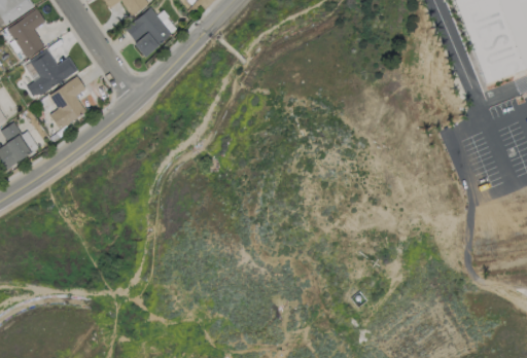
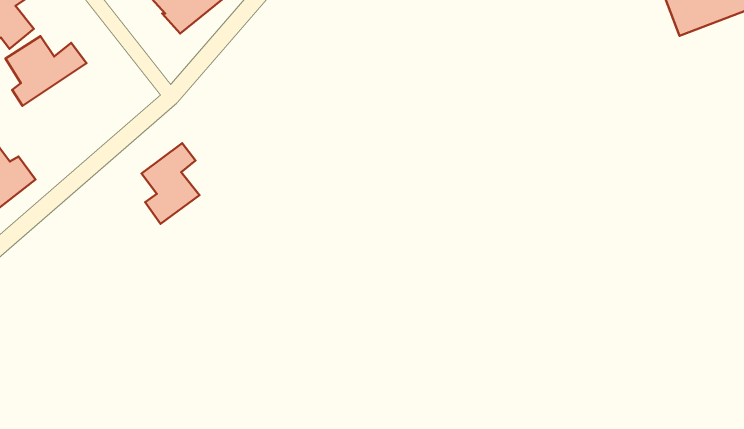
building: [48,76,86,130] -> [142,143,200,224]

